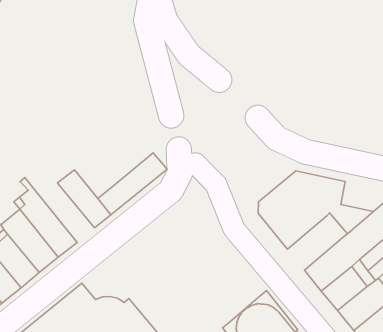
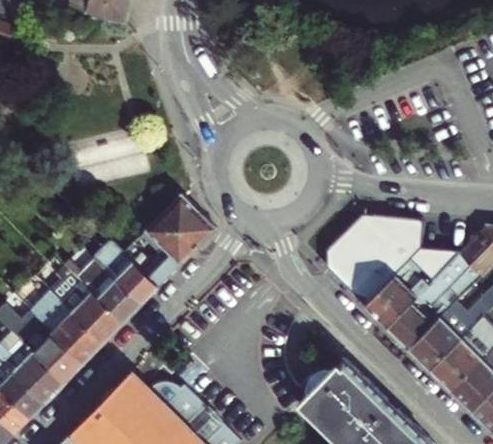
building: none -> [140,195,199,254]
building: none -> [67,259,141,324]
building: none -> [365,263,428,328]

